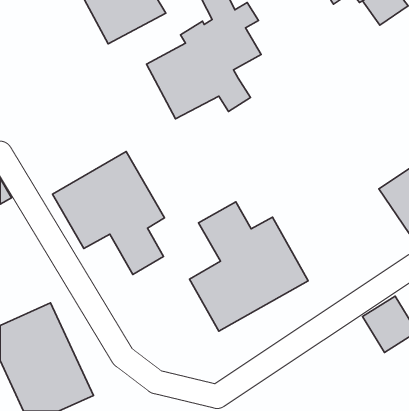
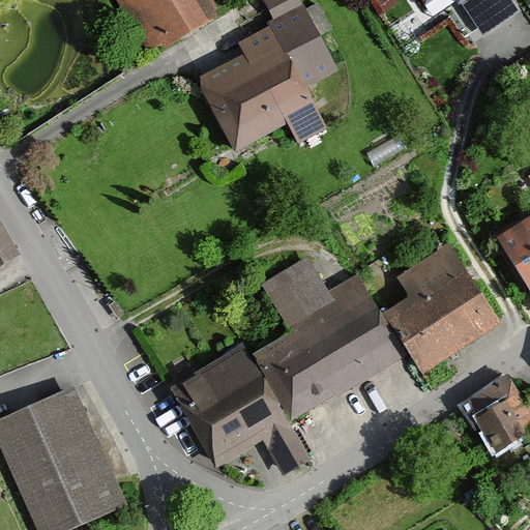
building: [52,151,164,274] -> none
building: none -> [379,245,495,373]
building: none -> [170,343,310,474]

